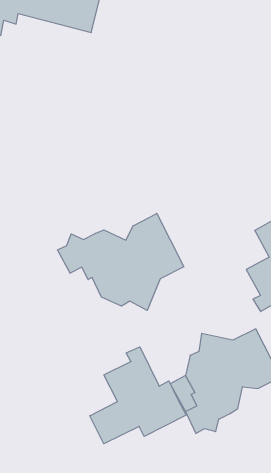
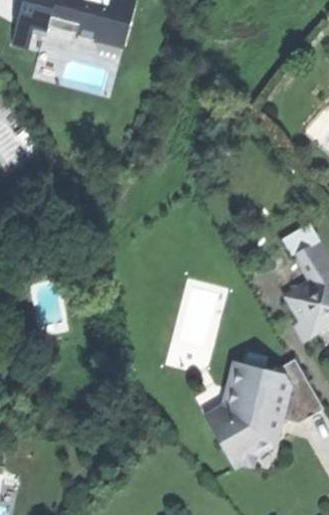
building: [57,213,184,310] -> none
building: [90,347,186,444] -> none

